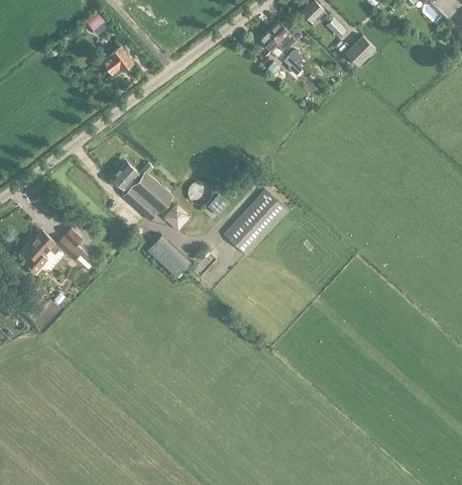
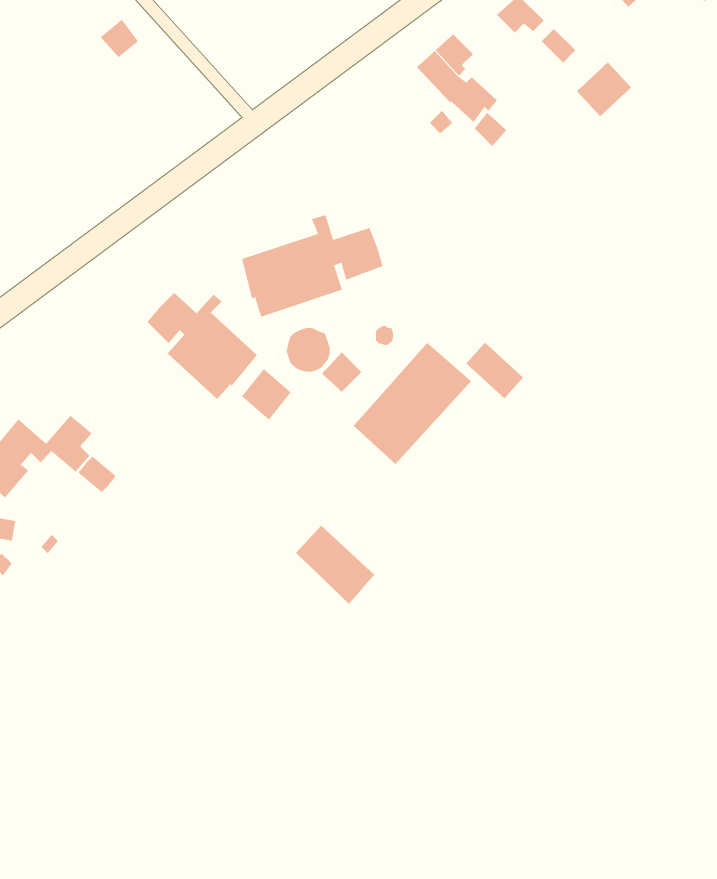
building: [102,46,132,75] -> none
building: none -> [241,215,383,317]
building: none -> [465,342,524,399]
building: [147,234,191,278] -> [295,525,375,605]

